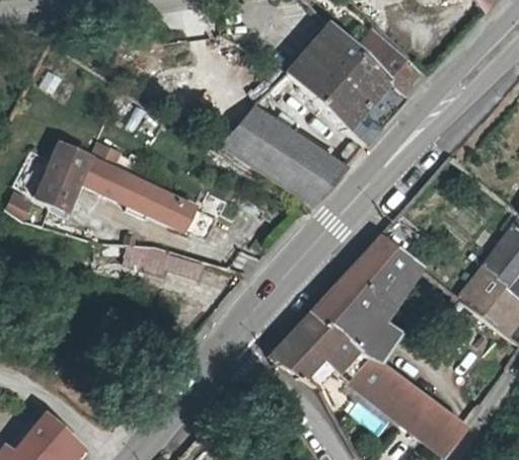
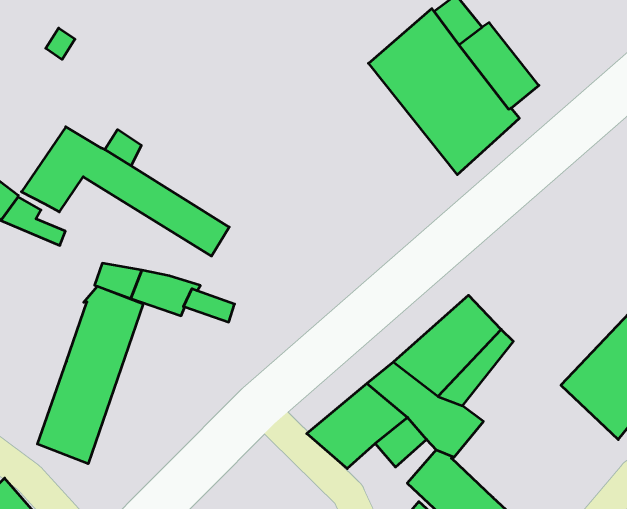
building: [222,105,345,204] -> none
building: none -> [37,286,143,464]

